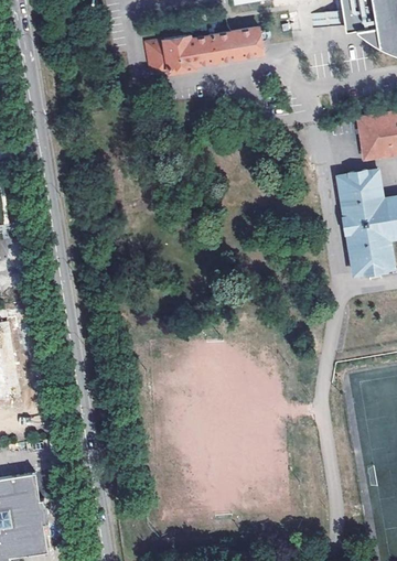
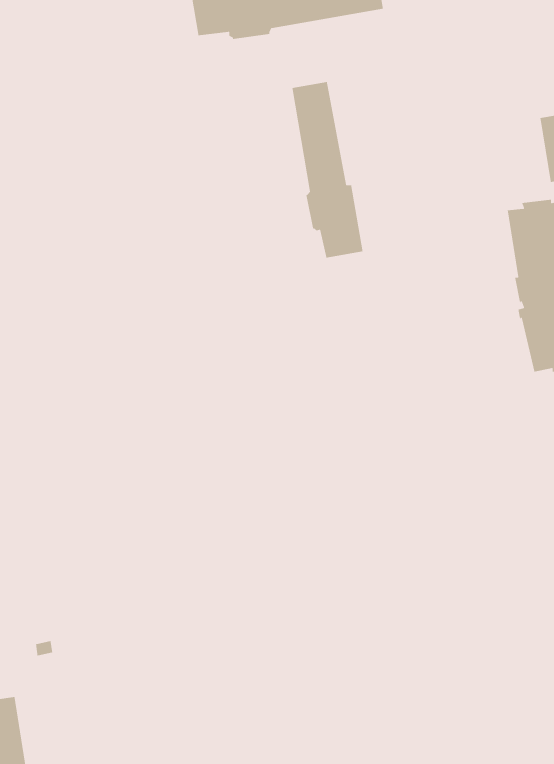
building: none -> [292,81,363,259]

